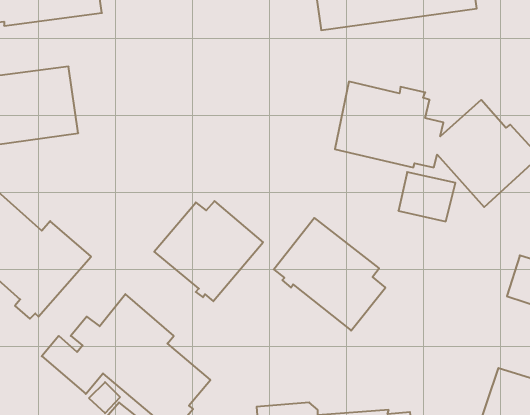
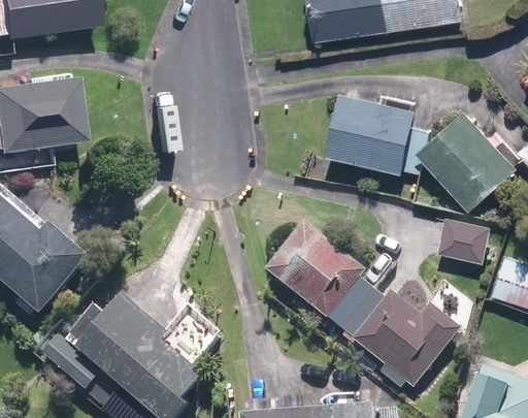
building: [398,172,455,221] -> [437,216,492,263]
building: [154,201,263,301] -> none
building: none -> [341,289,462,390]

